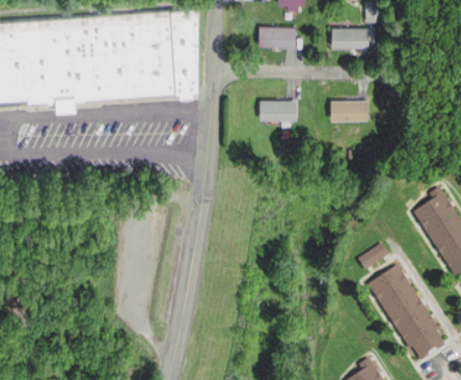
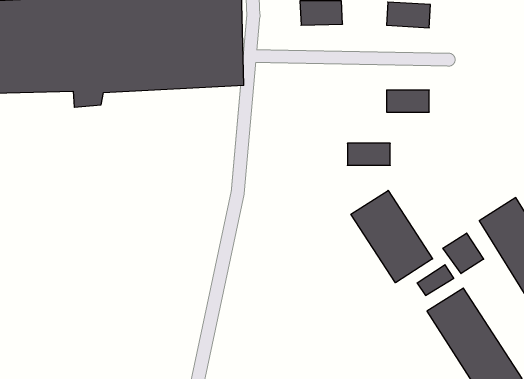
building: [260,97,296,115] -> [347,143,390,165]
building: none -> [351,190,433,283]
building: none -> [443,233,484,274]

